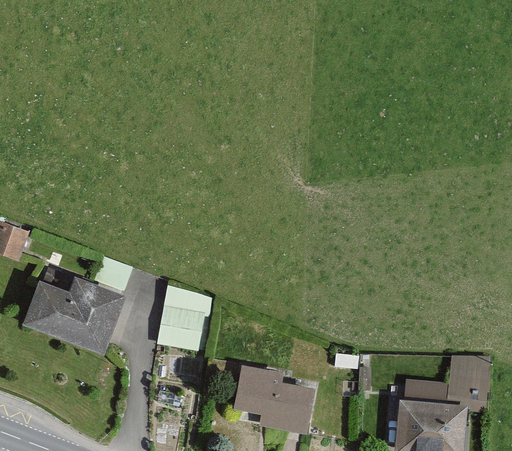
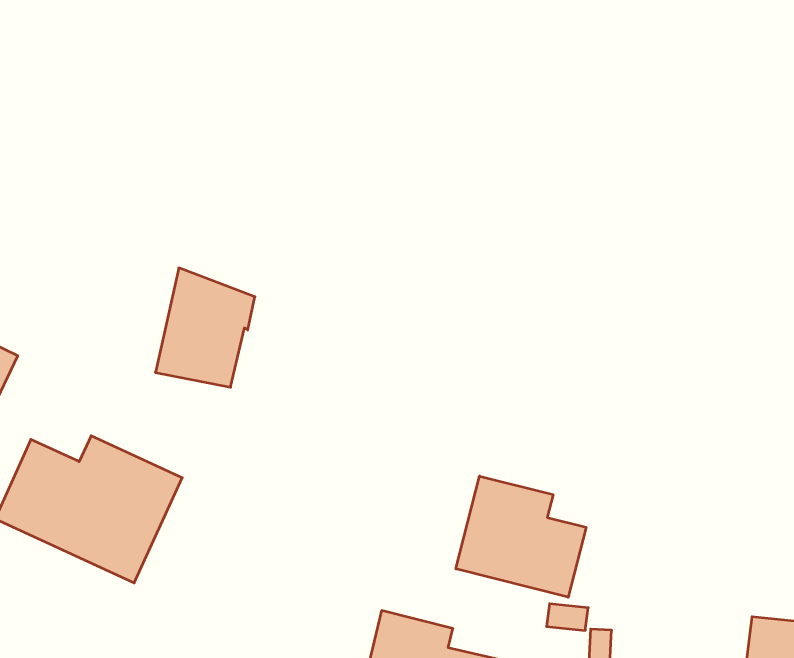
building: [158,284,212,350] -> [155,268,255,387]
building: none -> [456,476,586,597]

